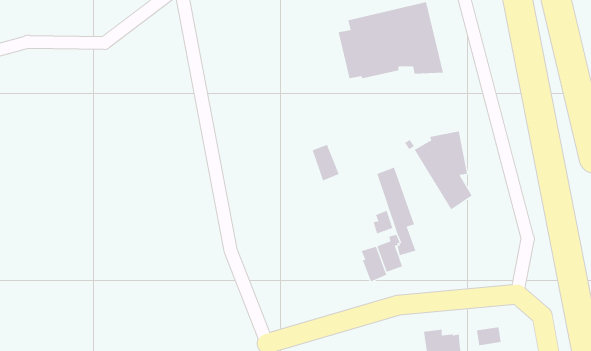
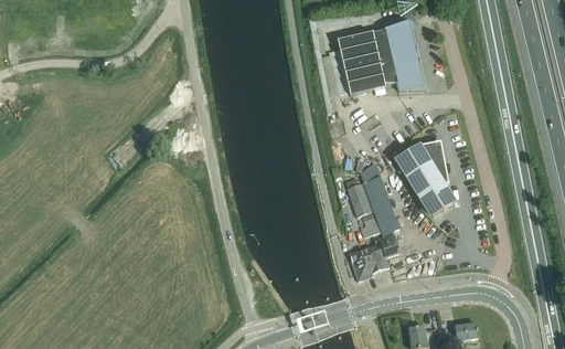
building: [312,144,339,181] -> [345,180,371,214]

